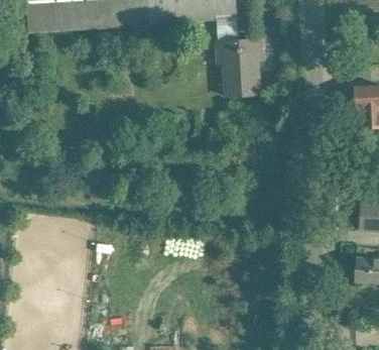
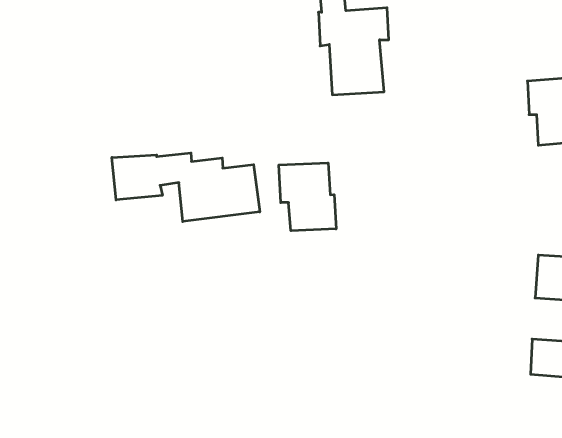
building: none -> [112,153,260,222]
building: none -> [279,163,336,231]

